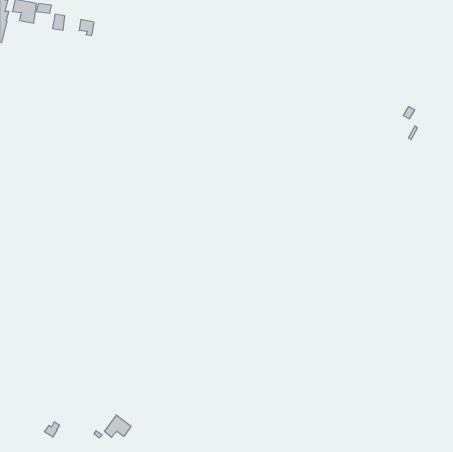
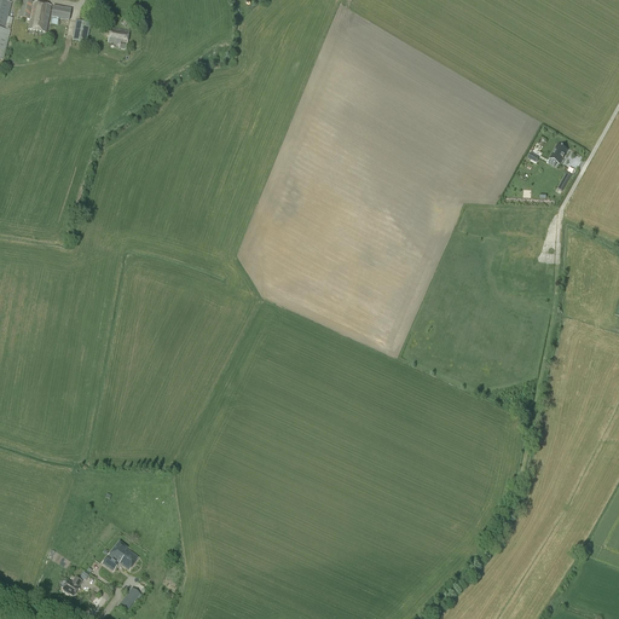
building: [104,415,131,437] -> [102,539,138,569]

